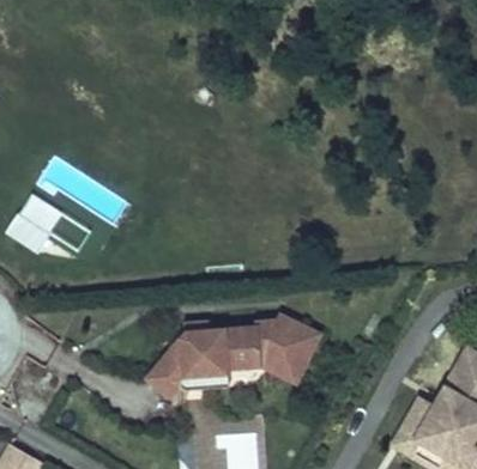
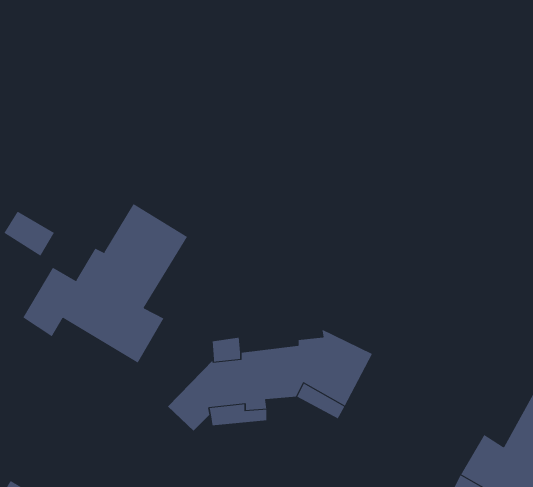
building: none -> [23,203,188,363]

